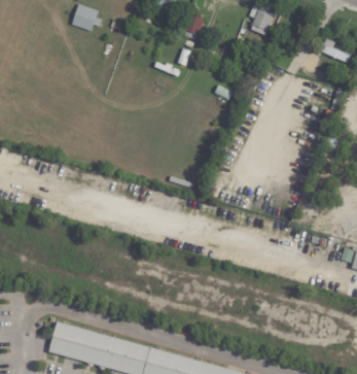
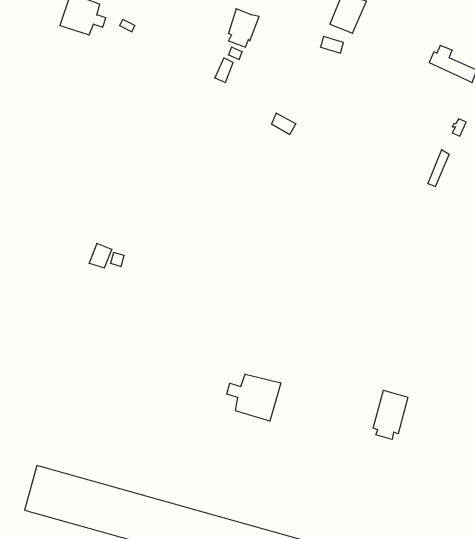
building: none -> [227,374,281,421]
building: none -> [373,390,408,439]

